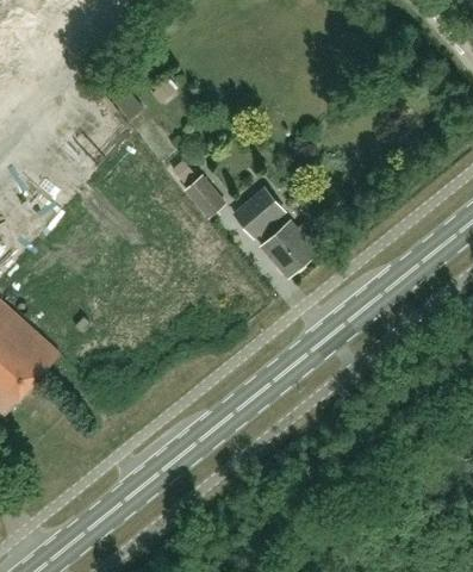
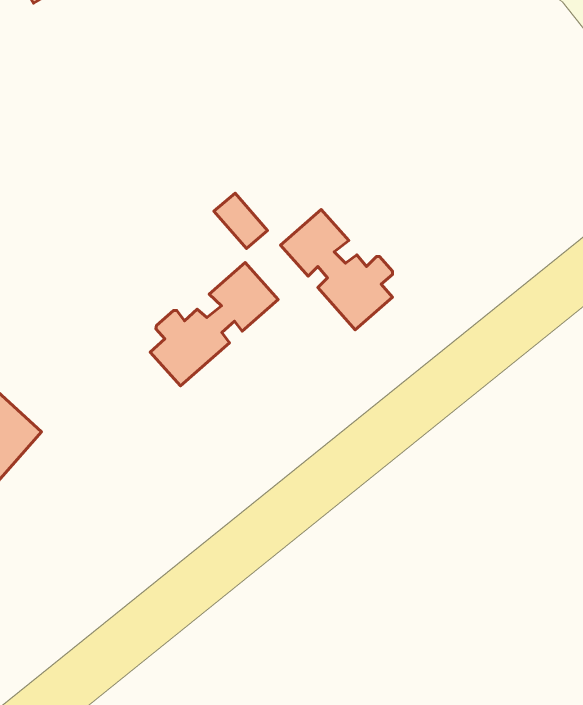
building: none -> [150,262,278,386]

